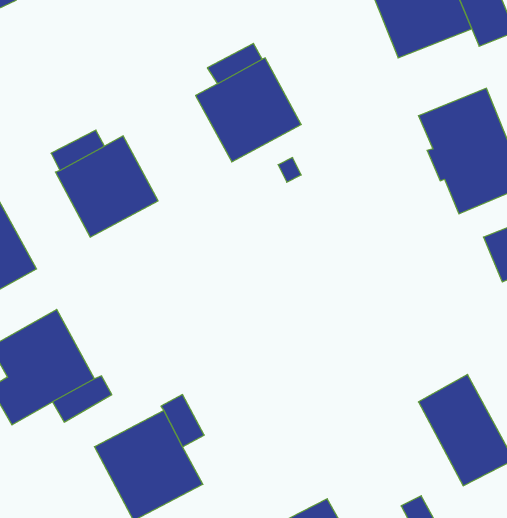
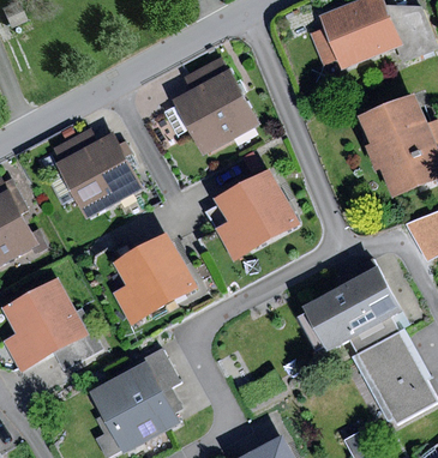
building: none -> [215,169,300,261]
building: none -> [112,231,197,324]
building: none -> [301,265,402,354]

